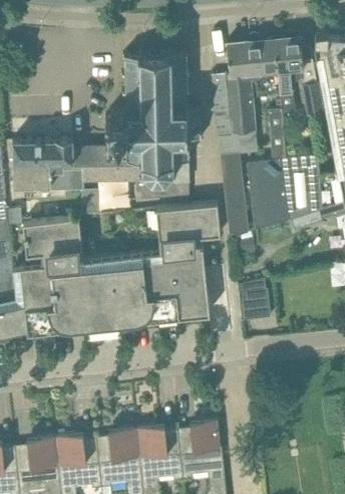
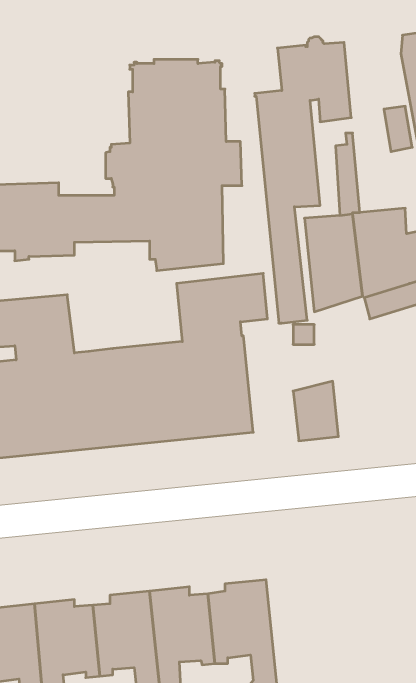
building: [274,33,304,96] -> none

